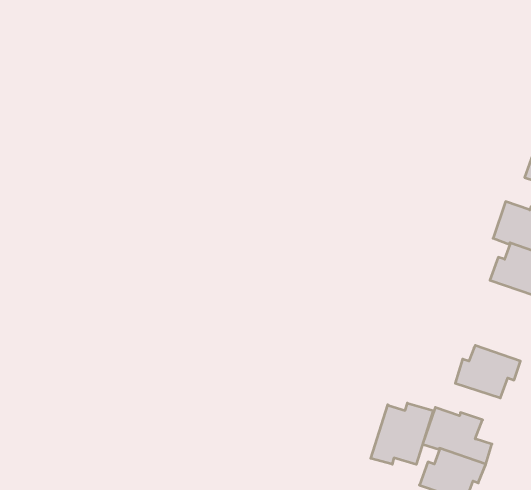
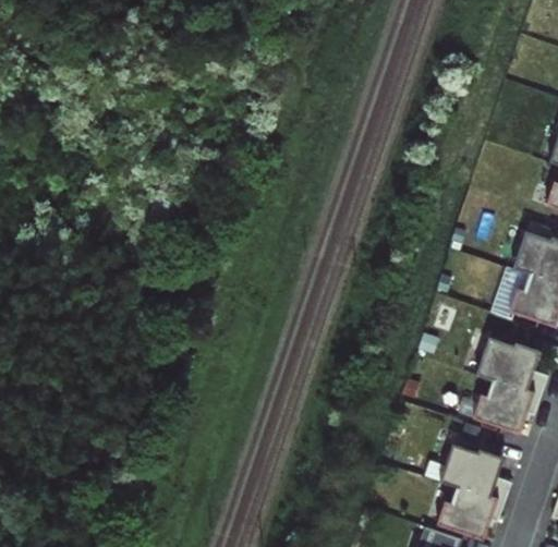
building: none -> [475,337,547,396]
building: [371,403,433,464] -> none

